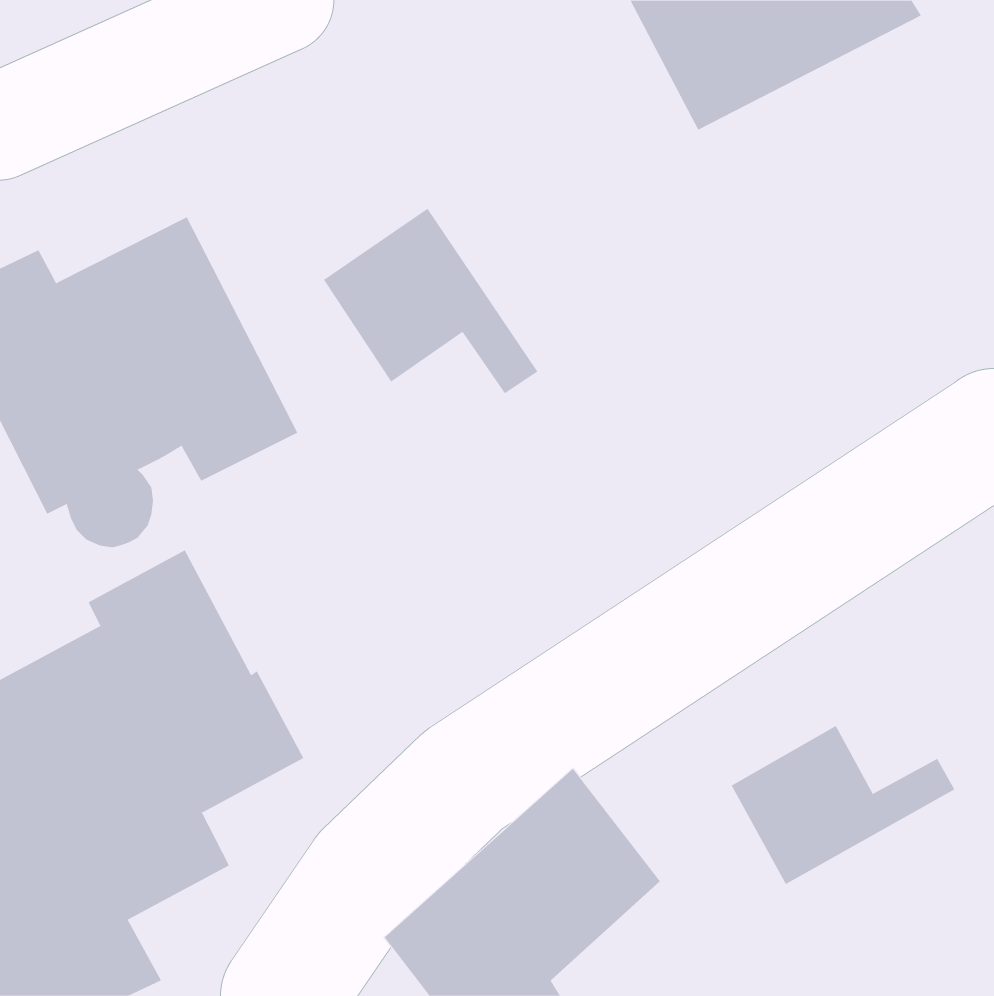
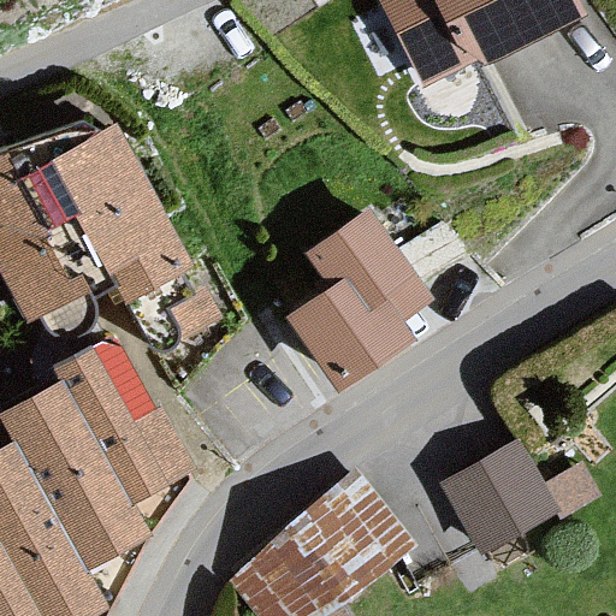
building: [323,208,538,394] -> none
building: none -> [296,215,422,383]

